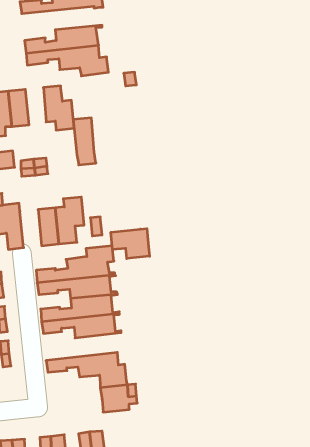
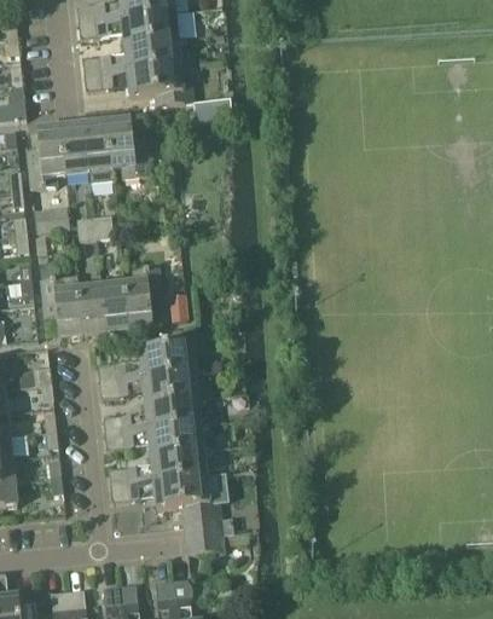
building: none -> [77,12,185,44]
building: [73,118,96,165] -> [82,121,112,184]
building: none -> [75,284,104,335]
building: [111,229,150,259] -> none
building: none -> [108,449,211,486]

